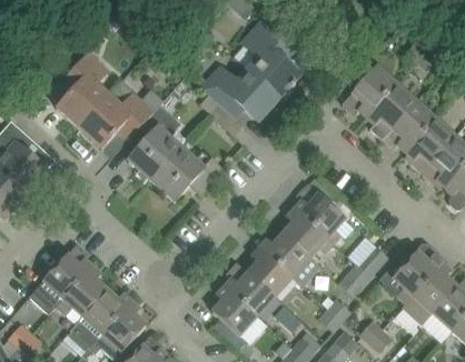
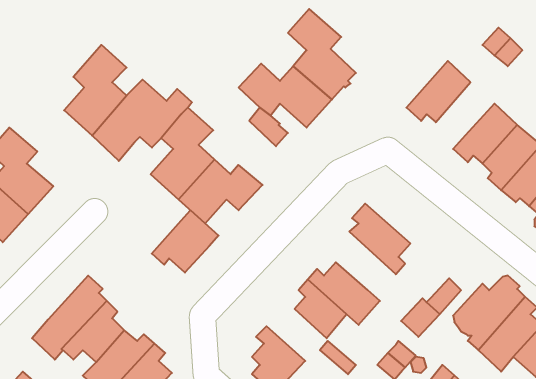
building: [366,83,415,139] -> none
building: none -> [152,210,219,273]
building: [283,208,333,257] -> none
building: [225,262,275,315] -> none

